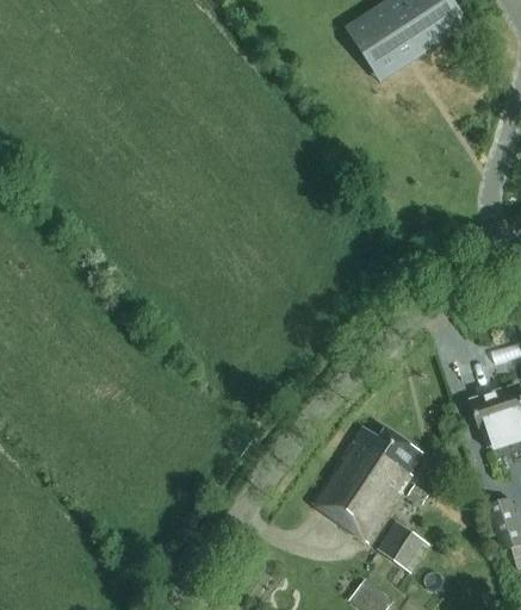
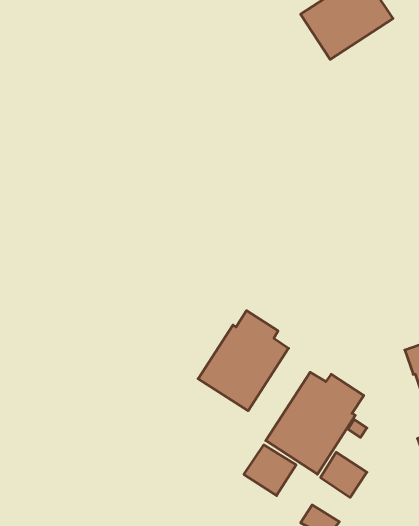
building: none -> [198,311,289,411]
building: none -> [244,445,296,496]

